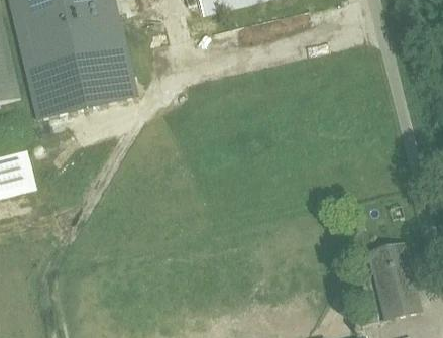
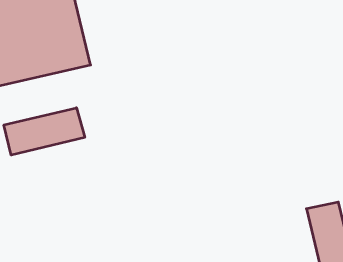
building: none -> [4,108,85,155]

